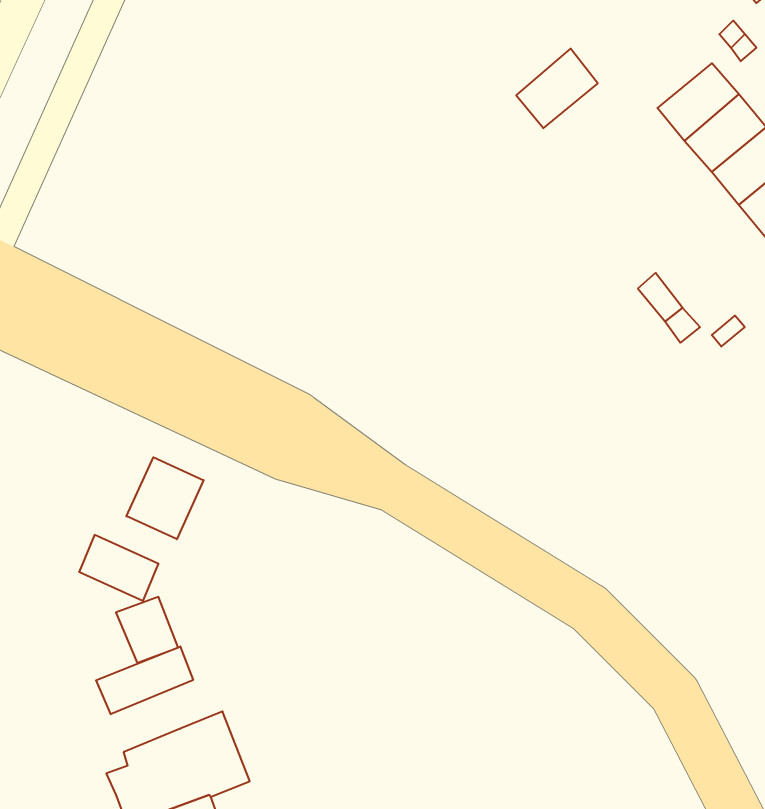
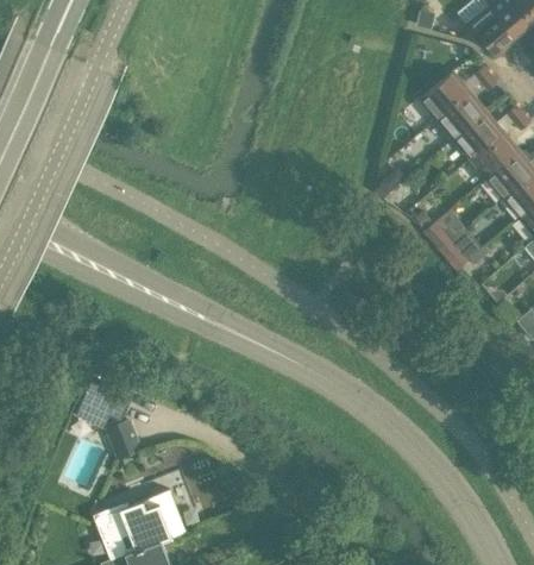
building: [516,49,598,128] -> [419,70,469,119]
building: [126,457,204,539] -> none
building: [96,646,193,714] -> none

